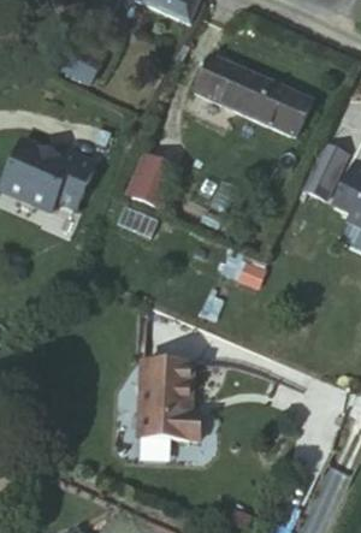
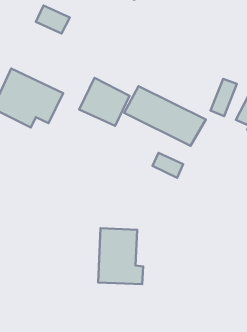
building: [202,52,318,136] -> [124,86,206,146]

